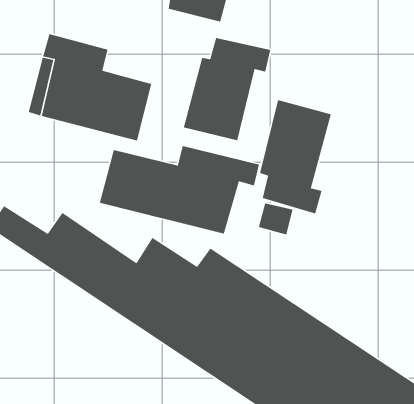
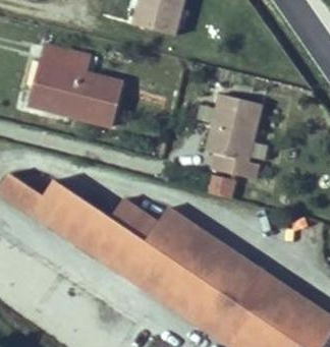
building: [183,37,271,141] -> none
building: [99,145,260,234] -> none

